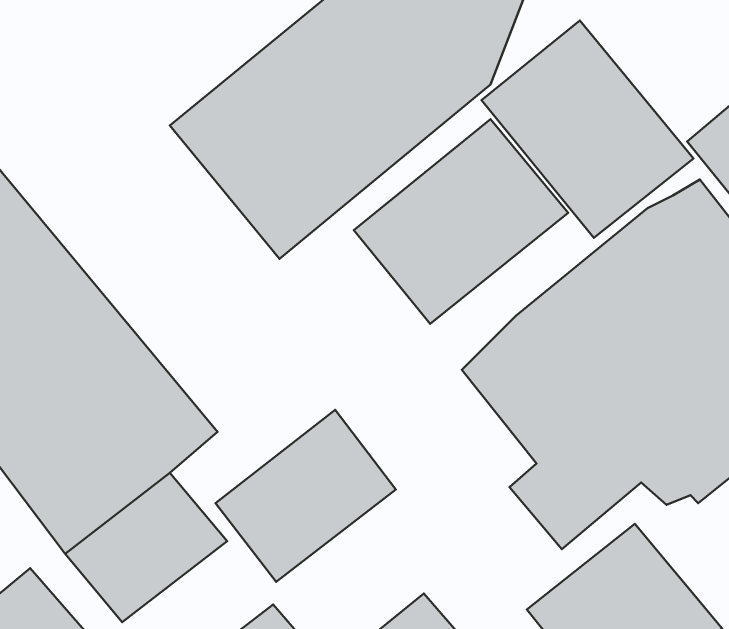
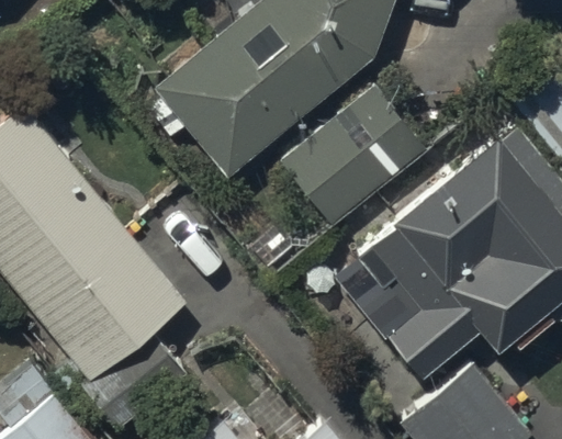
building: [482,20,693,238] -> none
building: [215,410,396,582] -> none

